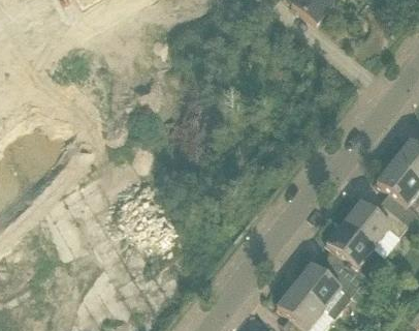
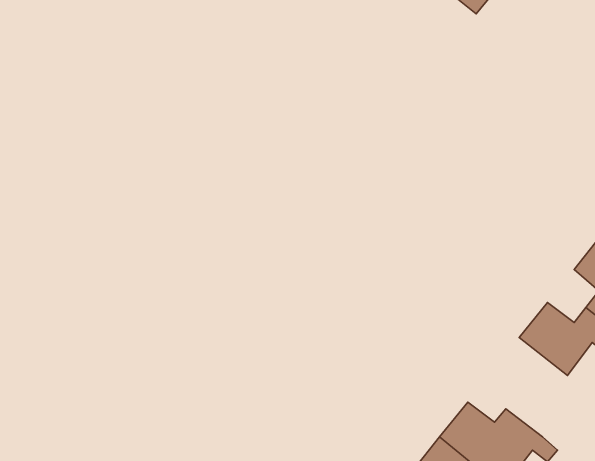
building: [326,222,373,284] -> none

